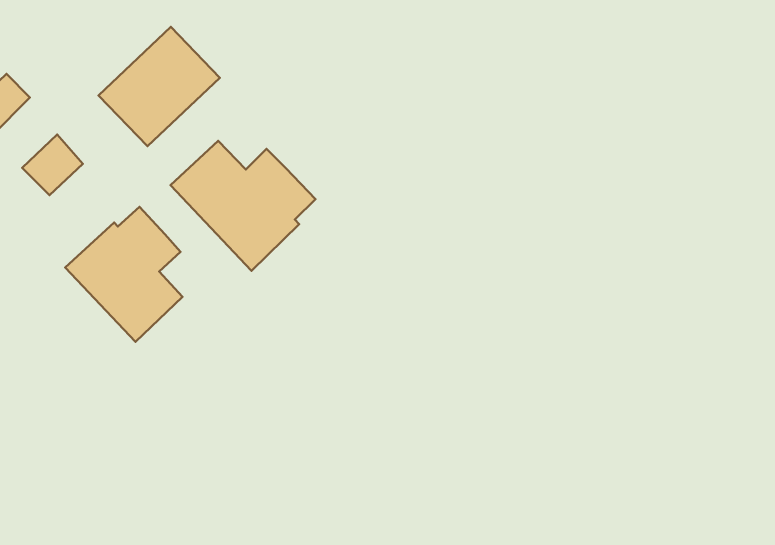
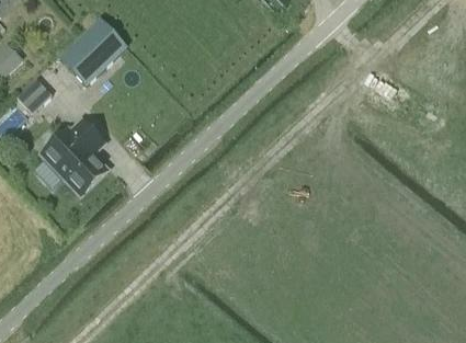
building: [170,141,316,271] -> none

